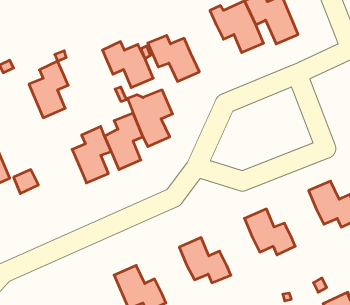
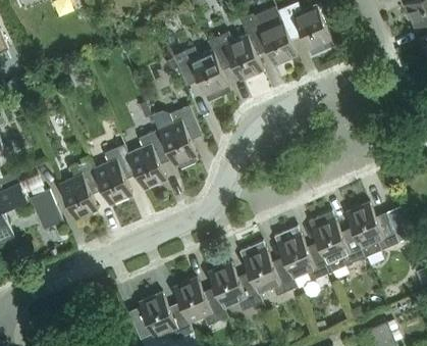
building: [102,42,153,88] -> [208,33,262,82]
building: [29,61,68,118] -> [58,160,100,220]
building: none -> [310,218,365,266]
building: none -> [242,248,297,297]
building: none -> [172,278,227,327]

